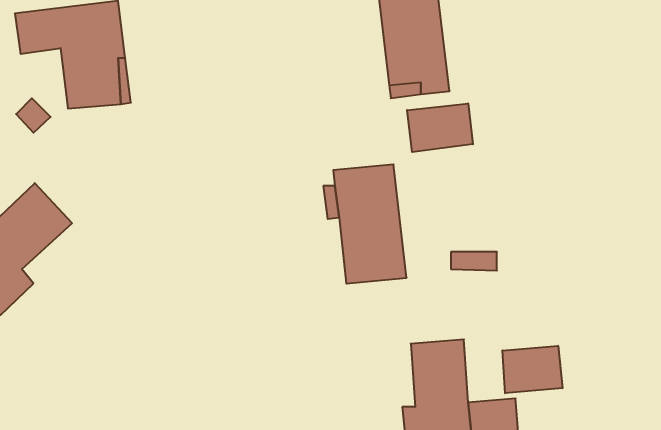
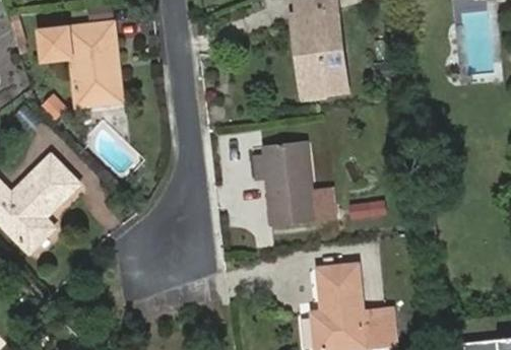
building: [407,103,473,152] -> none
building: [502,346,562,393] -> none

